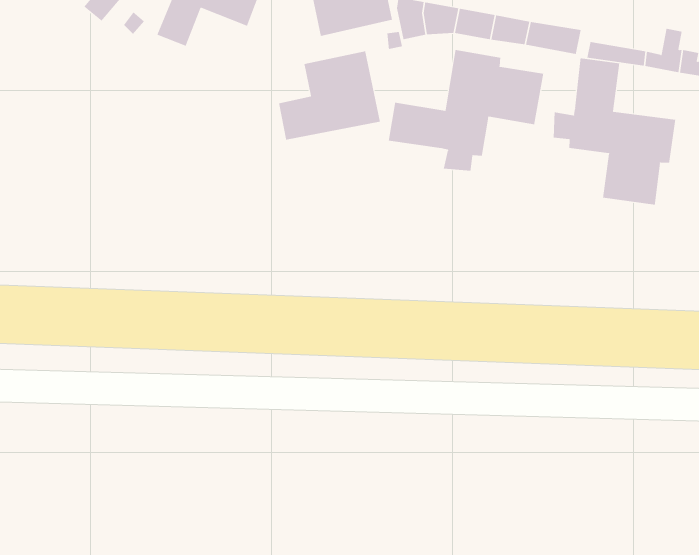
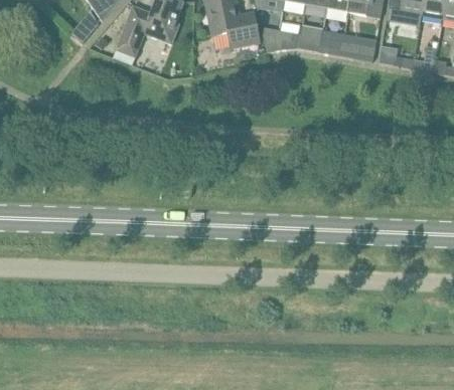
building: [388,49,544,171] -> none
building: [279,51,380,141] -> none
building: [553,57,676,206] -> none

